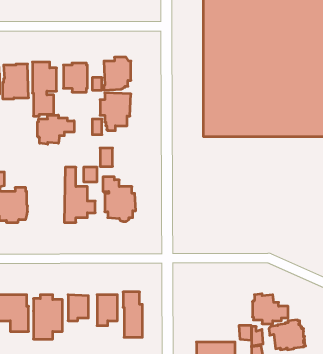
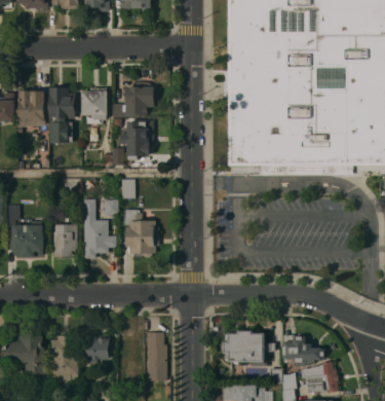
building: [38,115,74,144] -> none
building: none -> [52,224,76,257]
building: none -> [222,330,274,366]

